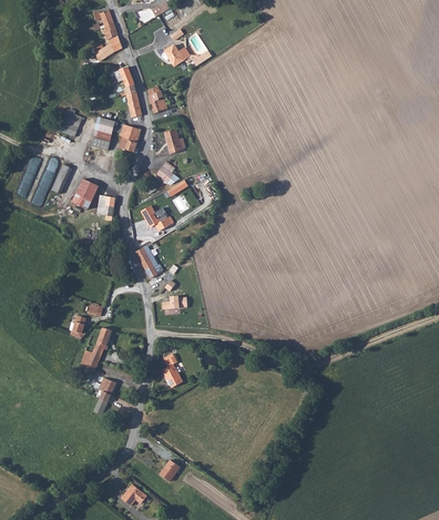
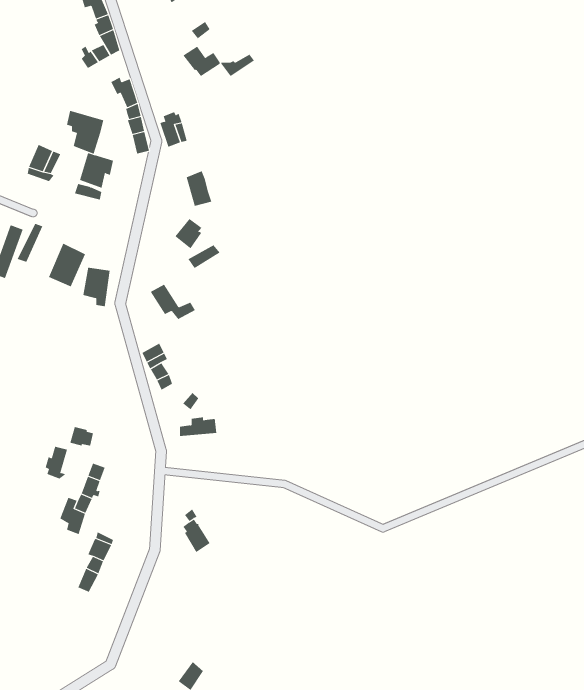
building: [114,122,140,152] -> [66,110,104,155]

